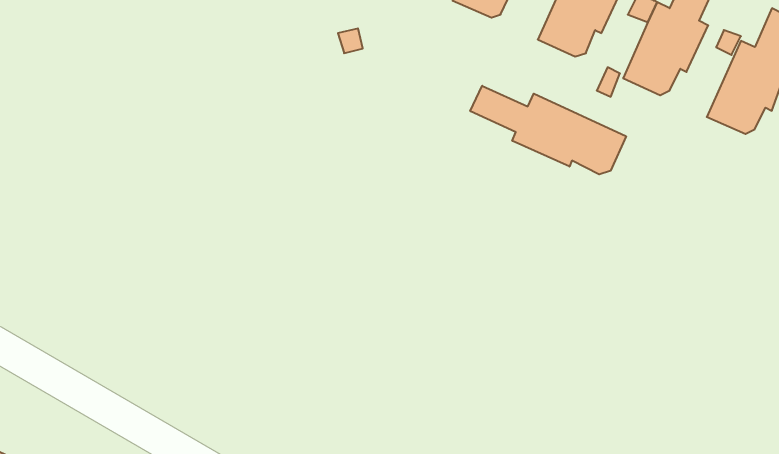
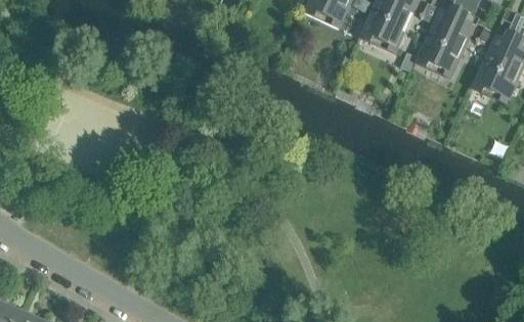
building: [470,86,626,174] -> none

